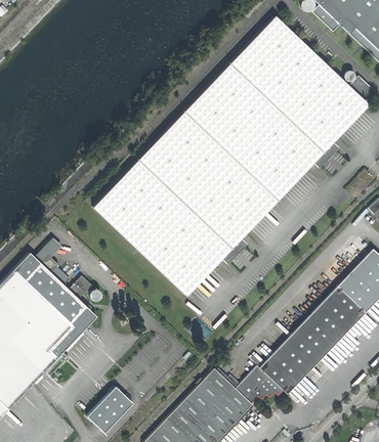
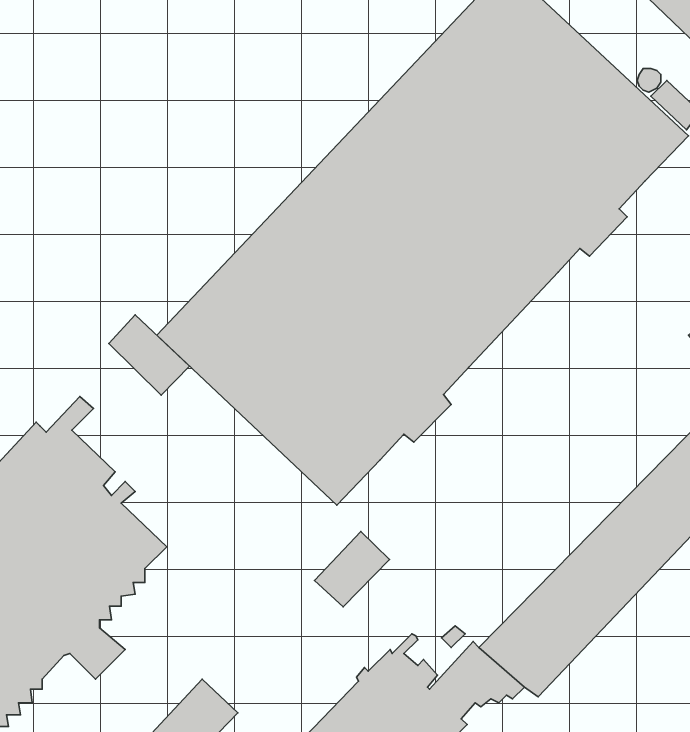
building: none -> [109,315,189,395]
building: none -> [314,532,390,607]

